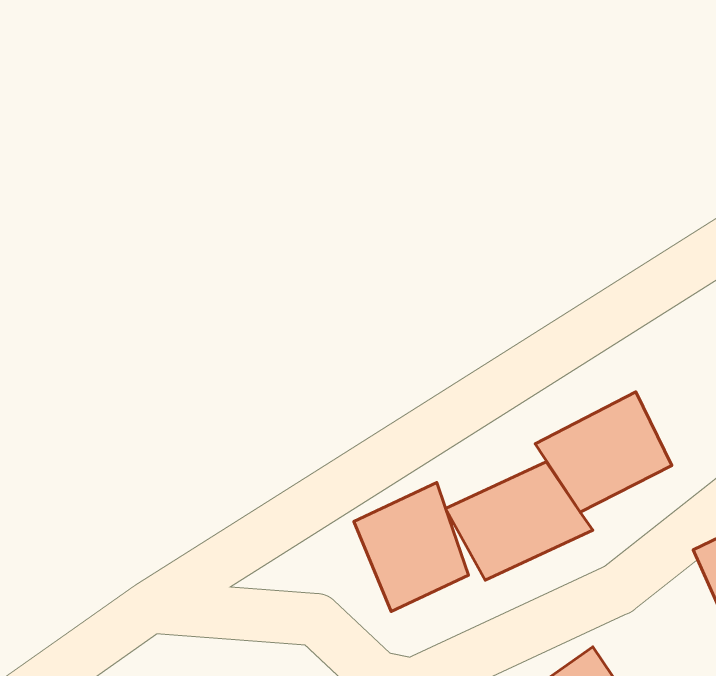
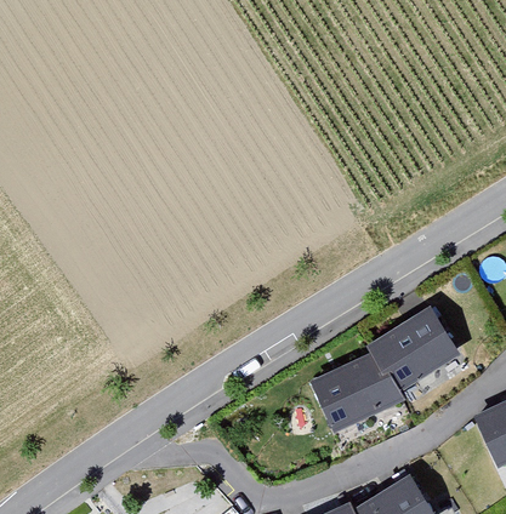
building: [354,483,469,612] -> none

